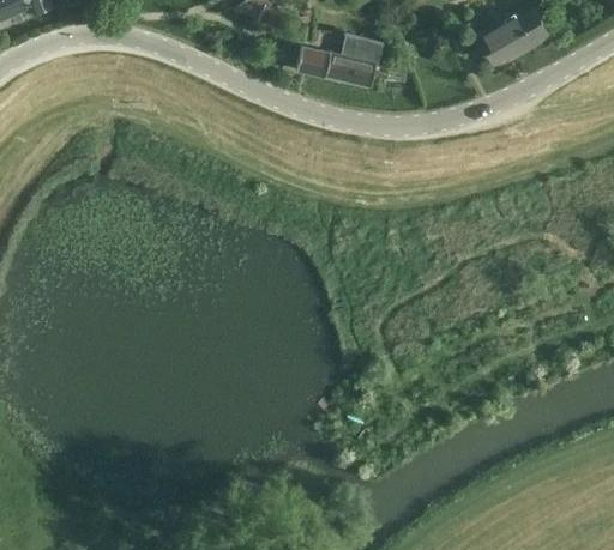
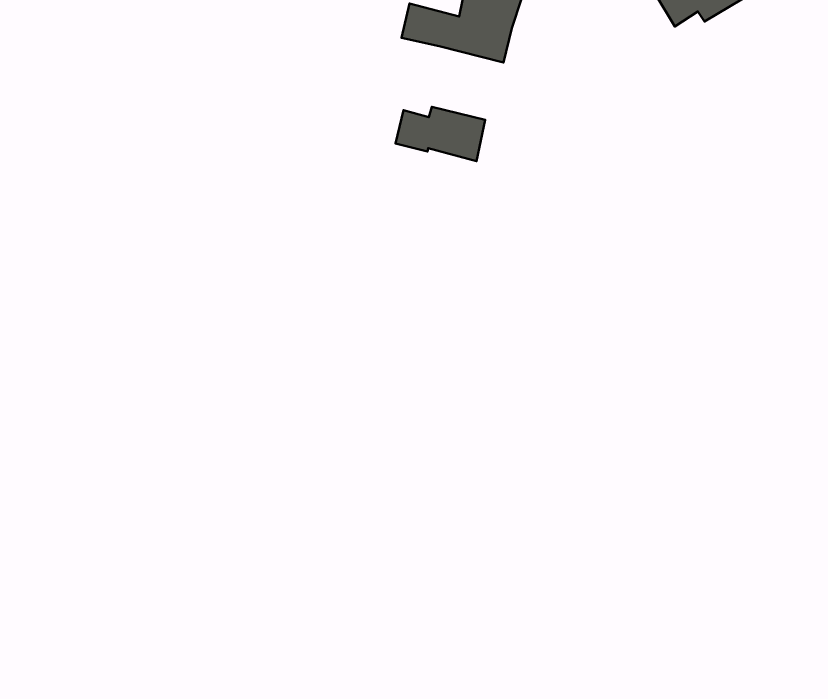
building: none -> [395,107,485,161]

